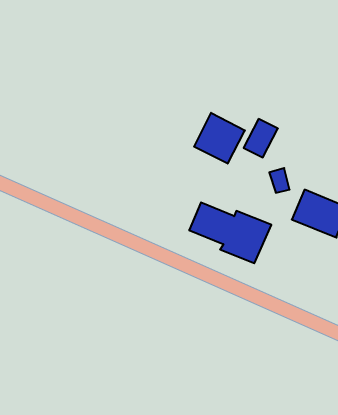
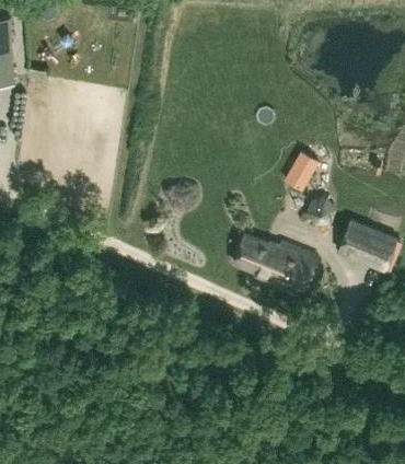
building: [194,113,245,164] -> none

